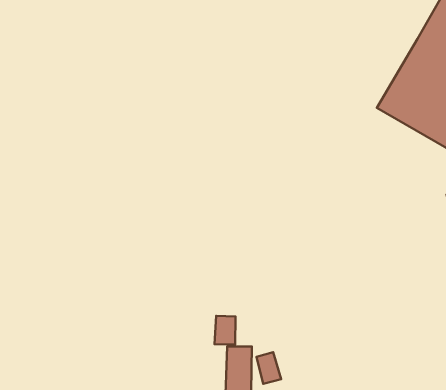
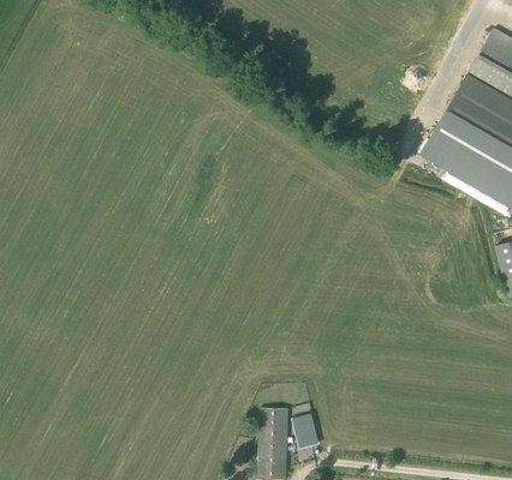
building: [215,316,236,344] -> none

